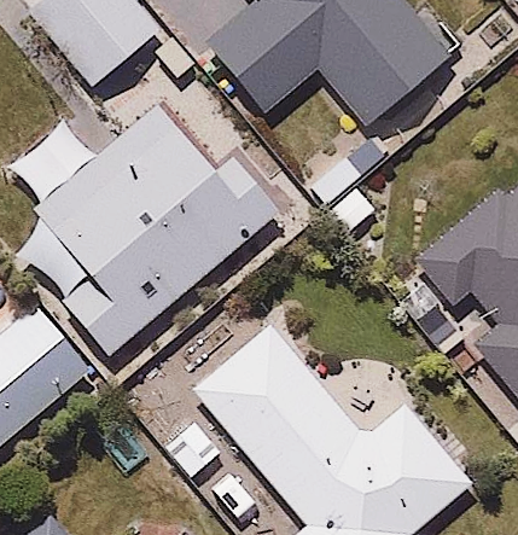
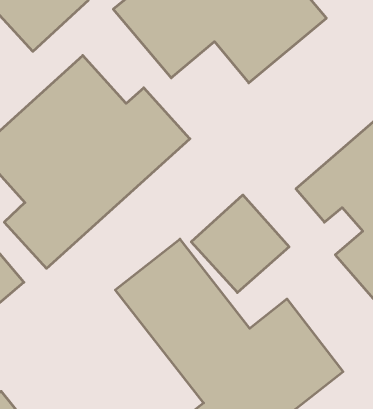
building: none -> [191,195,289,293]

